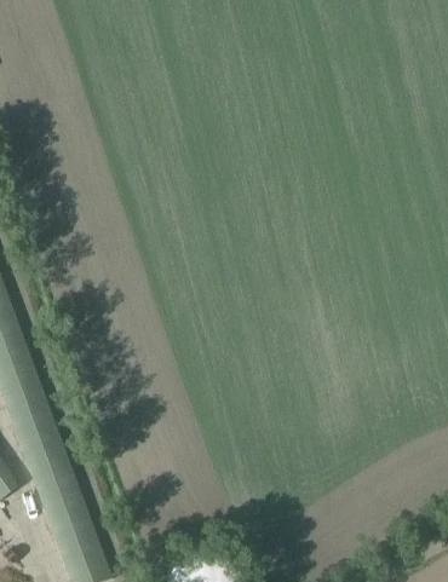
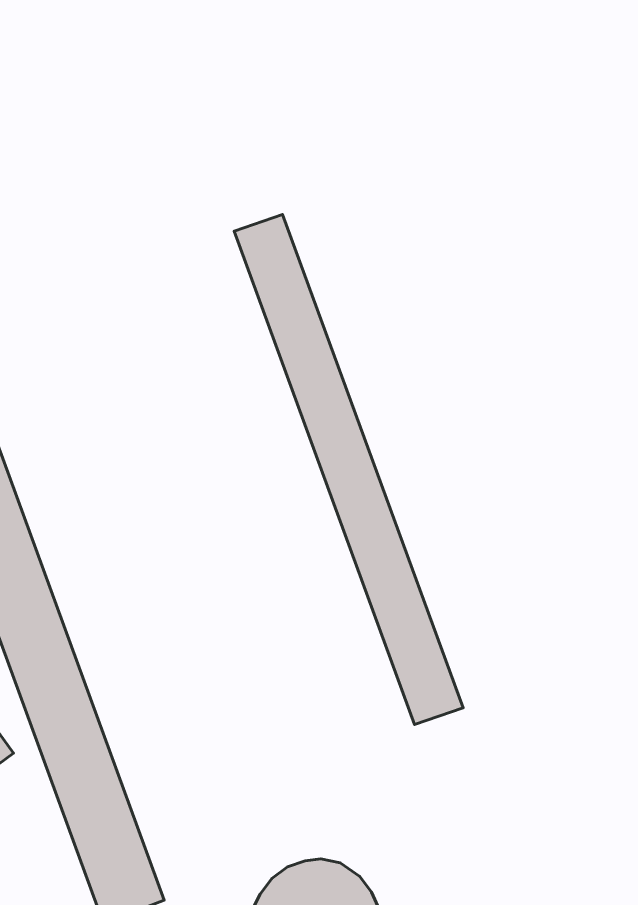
building: none -> [234,215,463,725]

